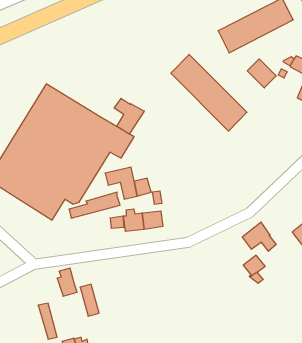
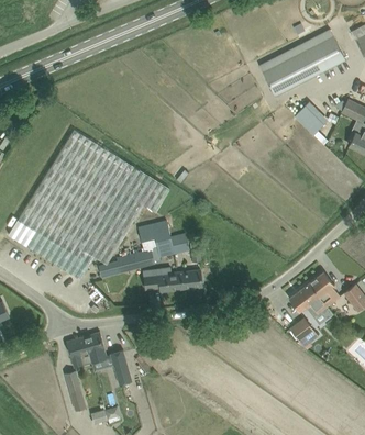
building: [171,54,247,131] -> none
building: [114,98,144,134] -> none
building: none -> [310,271,341,305]
building: none -> [66,335,90,368]

